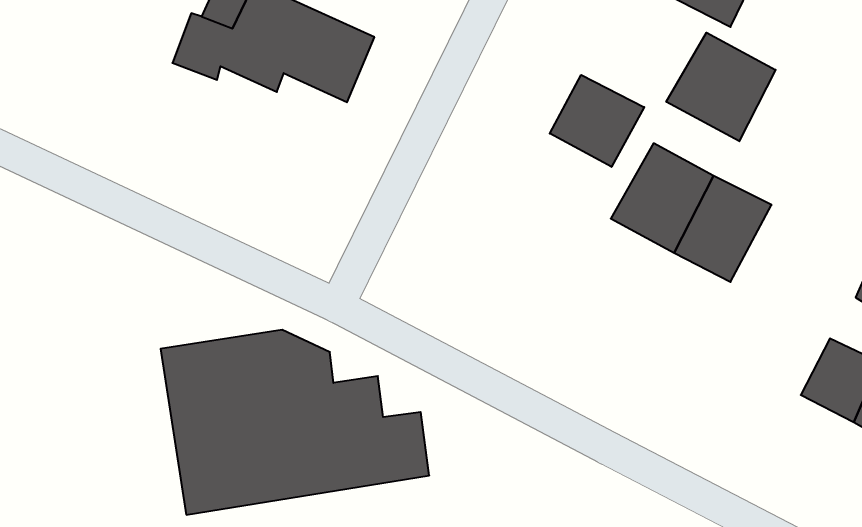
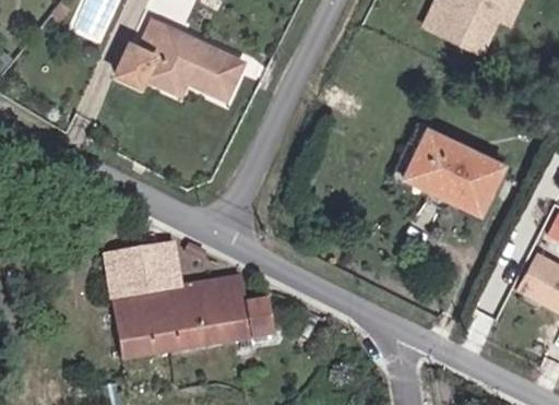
building: [666,33,776,141] -> none
building: [550,75,644,167] -> none

